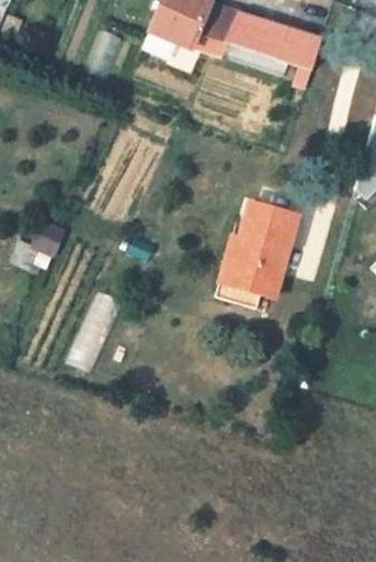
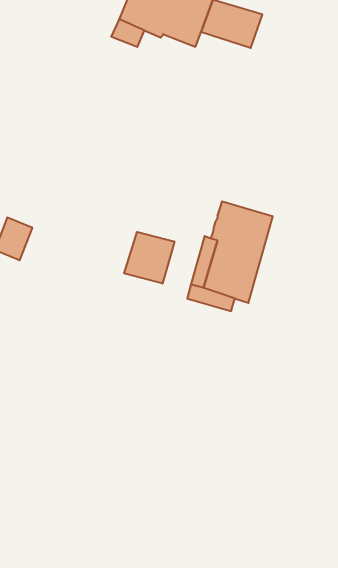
building: [275,25,321,88] -> none
building: none -> [124,232,174,284]

